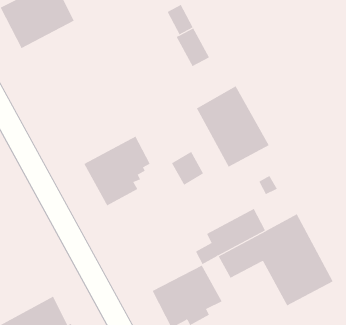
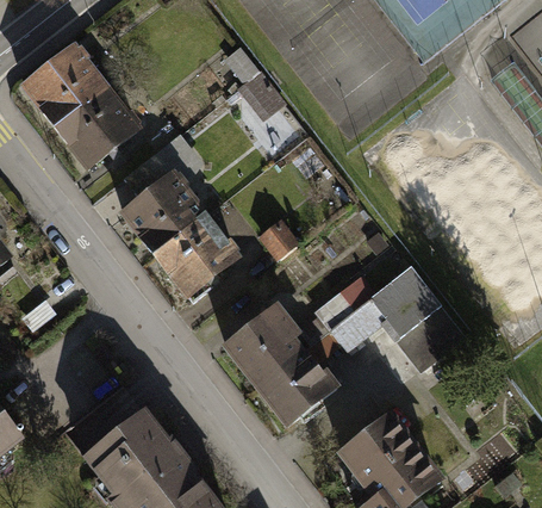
building: none -> [57,86,145,171]
building: none -> [119,131,208,252]
building: [196,86,269,167] -> none
building: none -> [226,306,311,388]

